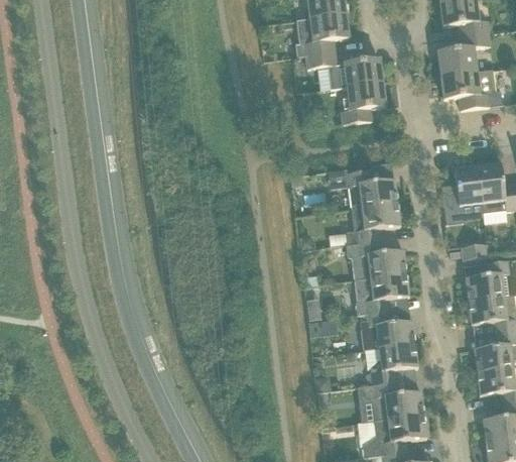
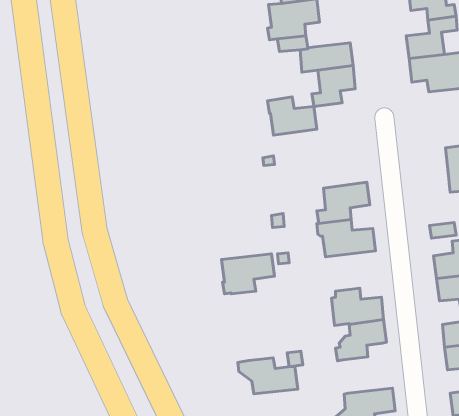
building: [443,162,482,223] -> none
building: [347,168,397,208] -> [268,97,317,135]
building: [355,272,409,314] -> [221,254,274,294]
building: [362,381,423,419] -> [238,358,298,394]

